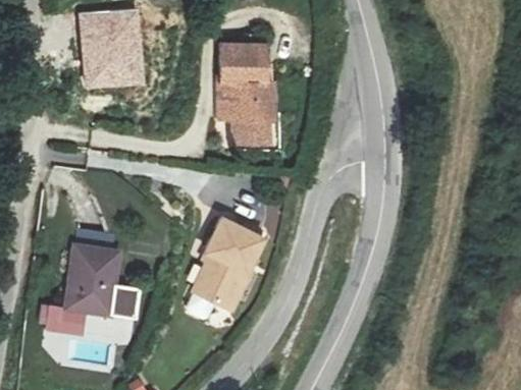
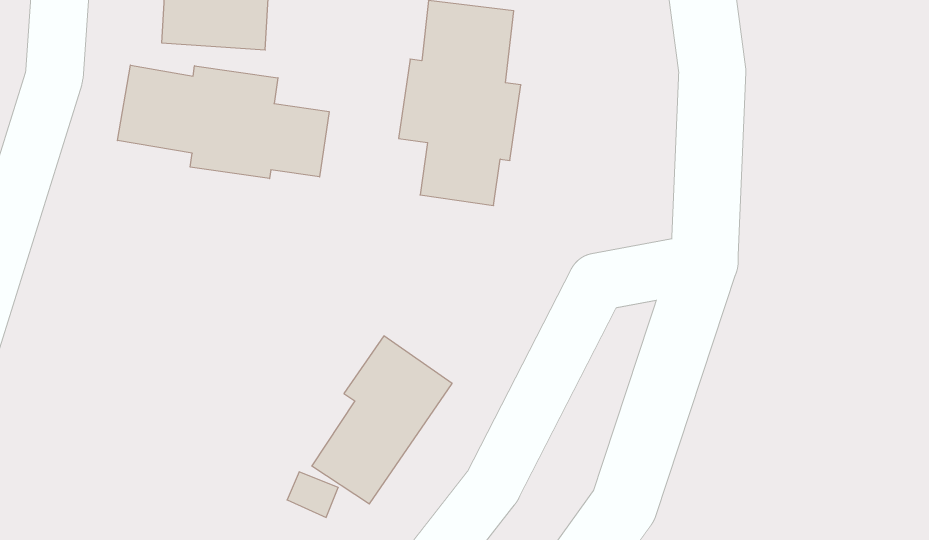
building: none -> [117,65,329,179]
building: [45,229,140,334] -> none

